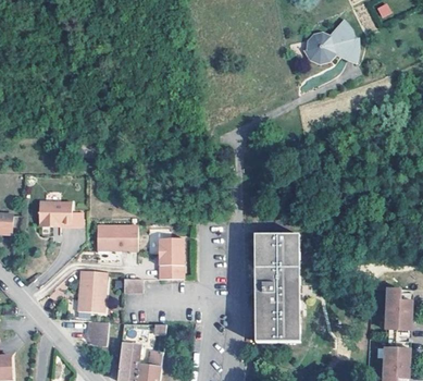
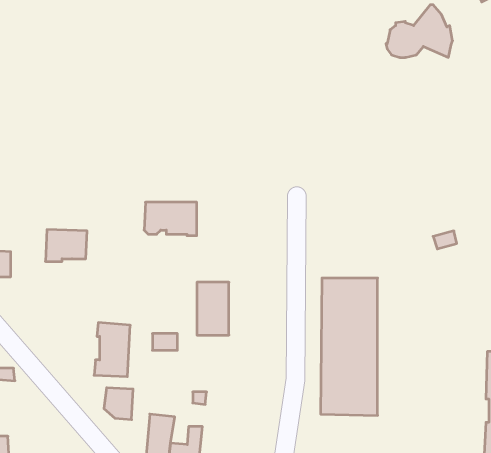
building: [96,224,137,250] -> [144,202,197,236]

